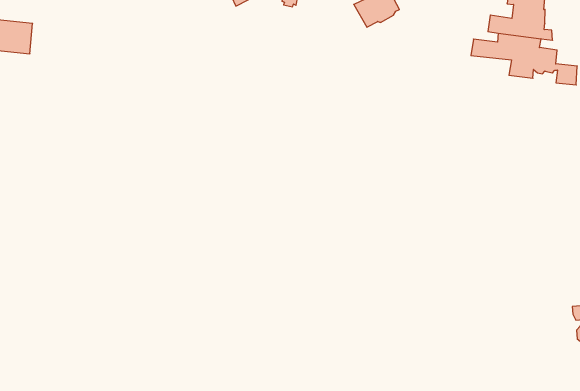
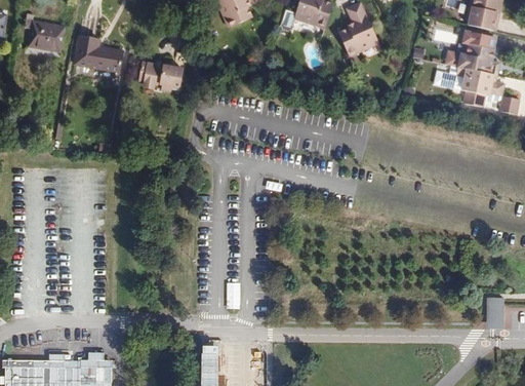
building: none -> [76,35,124,71]
building: none -> [140,63,183,93]

